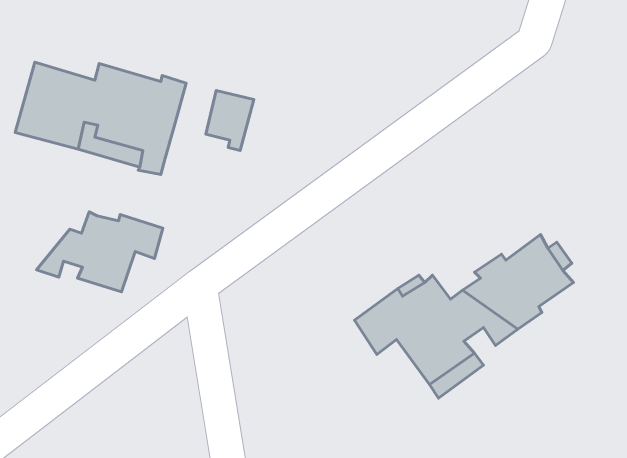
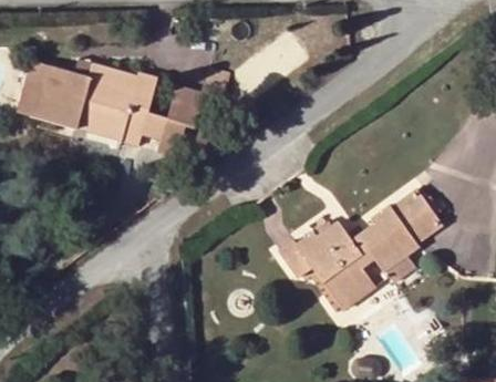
building: none -> [140,111,187,145]
building: [37,212,163,292] -> none

